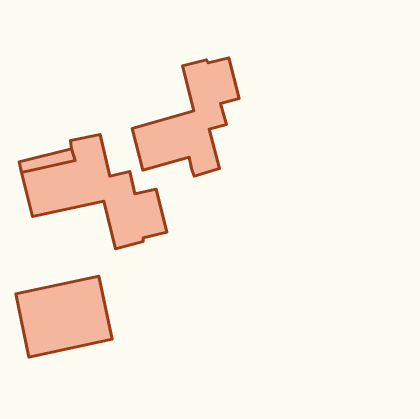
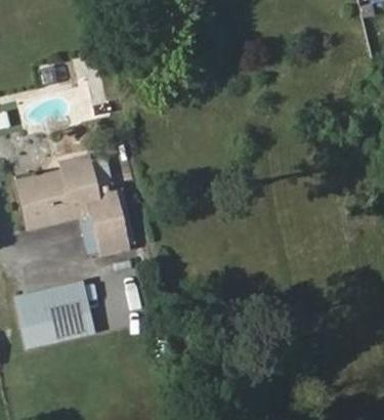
building: [132,58,239,176] -> none

